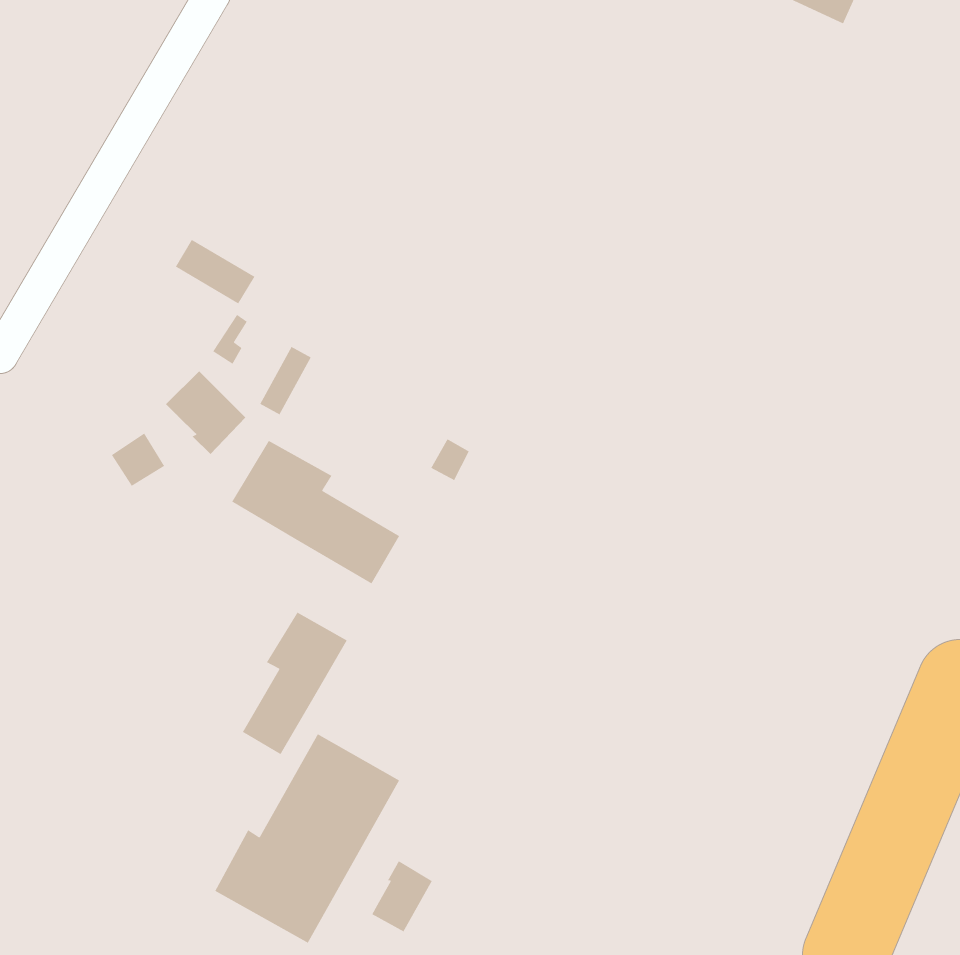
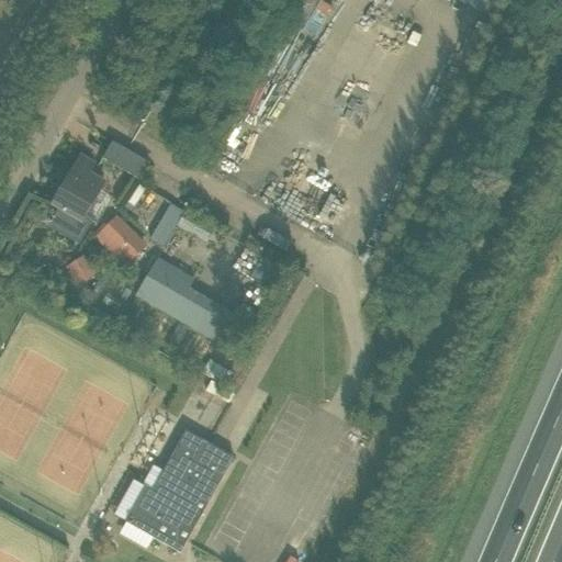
building: none -> [52,154,104,237]
building: [242,611,348,755] -> none
building: [371,860,433,933] -> none

